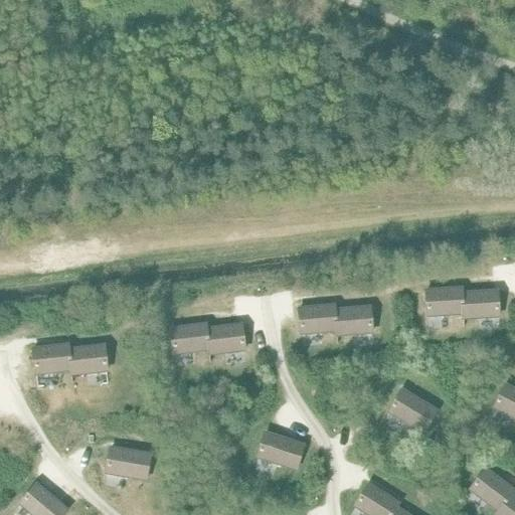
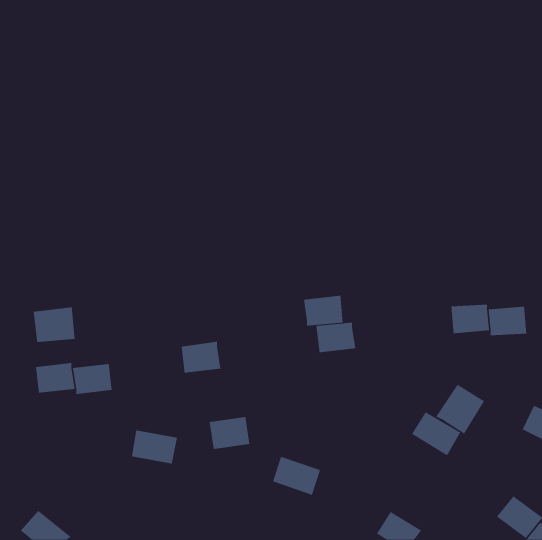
building: none -> [33,307,75,343]
building: [335,306,373,335] -> [303,295,343,326]
building: [207,323,246,354] -> [209,416,250,449]
building: none -> [436,384,485,434]
building: [108,447,152,479] -> [131,430,178,464]

